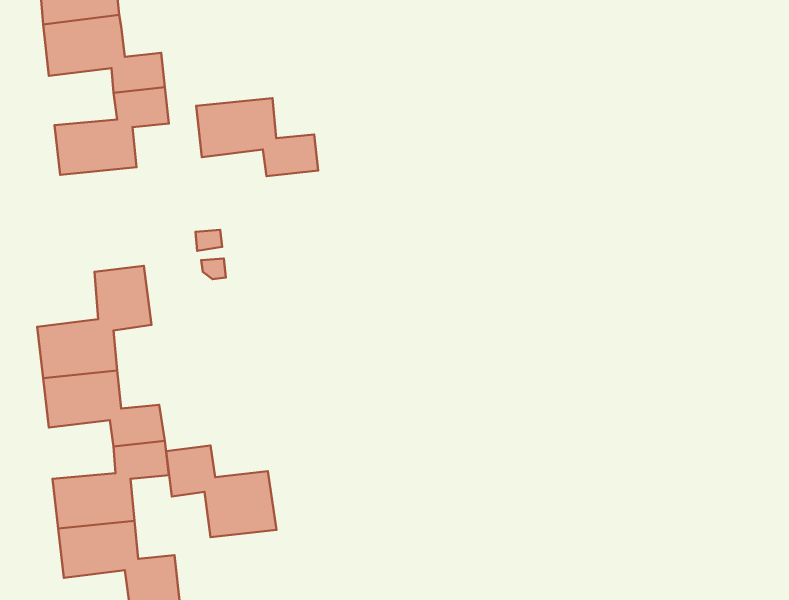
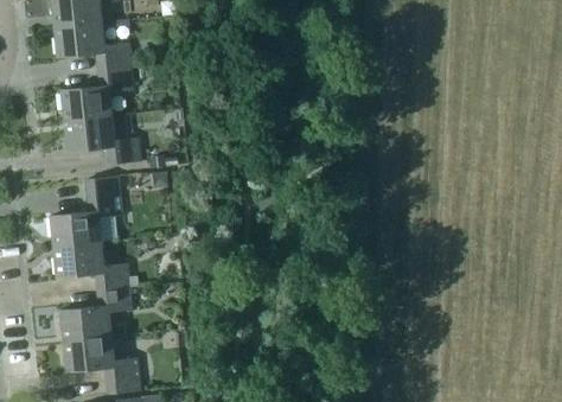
building: [196,98,318,176] -> [64,116,140,165]
building: [166,446,276,537] -> none

